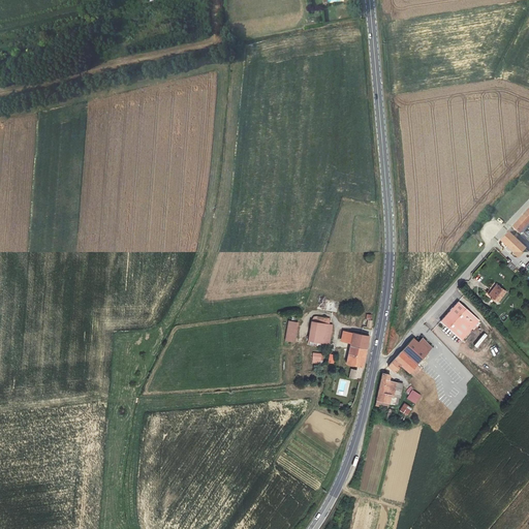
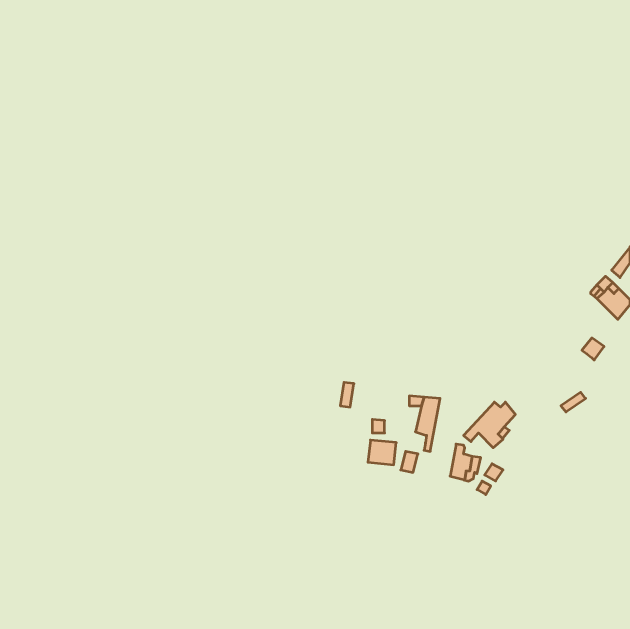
building: [440,301,479,339] -> none
building: [310,322,334,343] -> [368,440,396,465]

